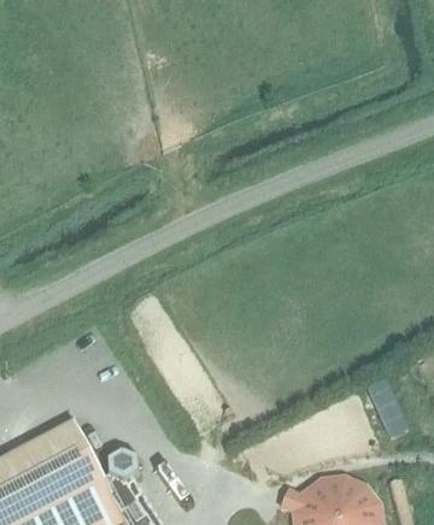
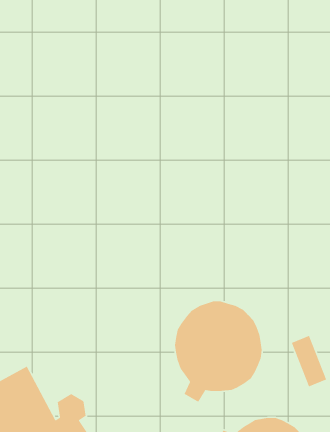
building: none -> [174,301,262,403]

